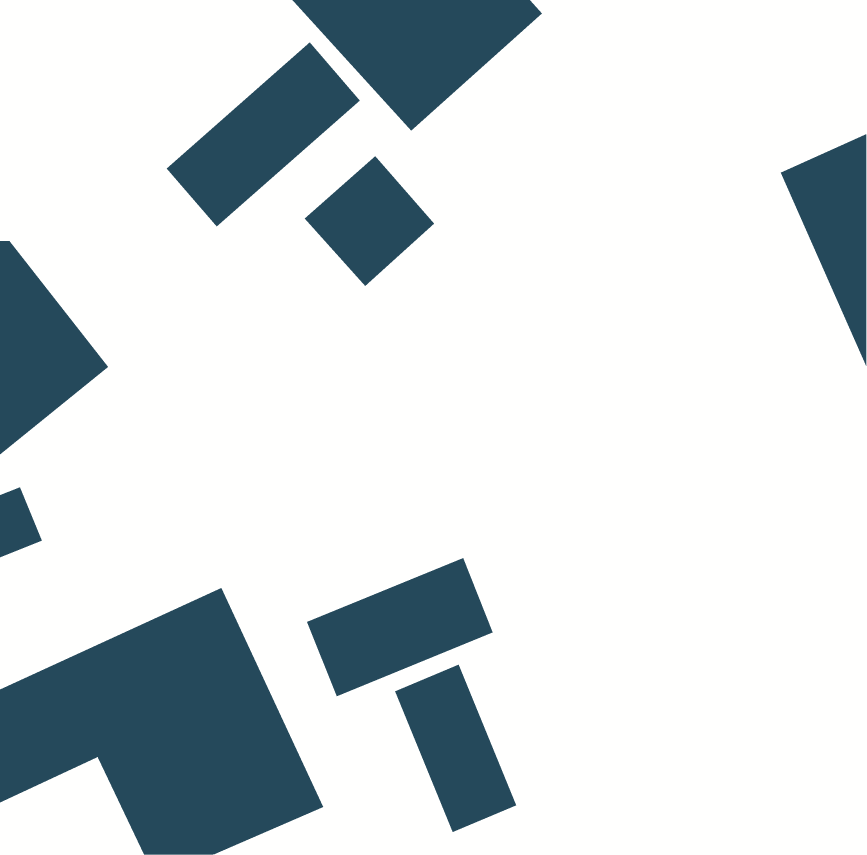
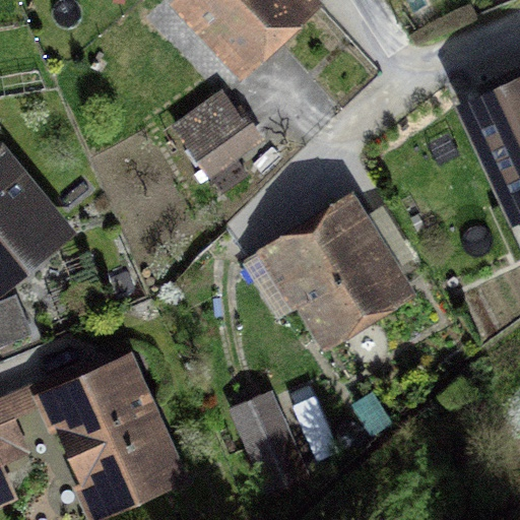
building: [166,42,361,228] -> none
building: none -> [262,196,415,351]
building: [306,557,494,697] -> none

